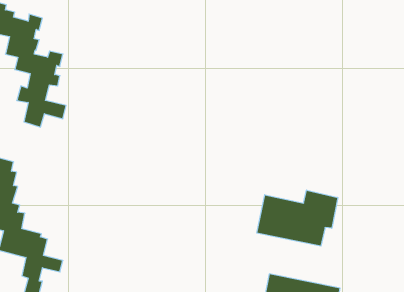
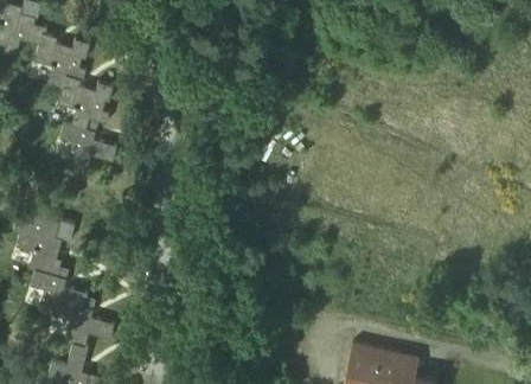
building: [257,190,338,246] -> none

